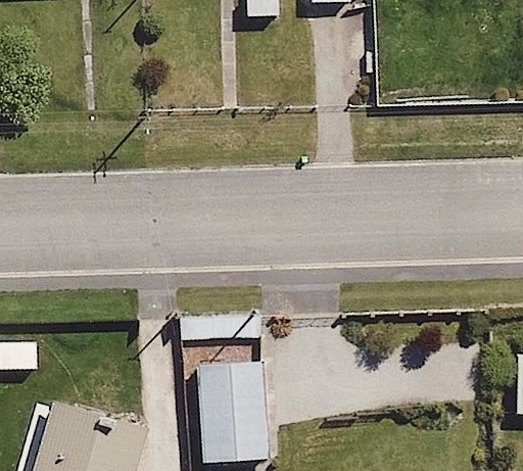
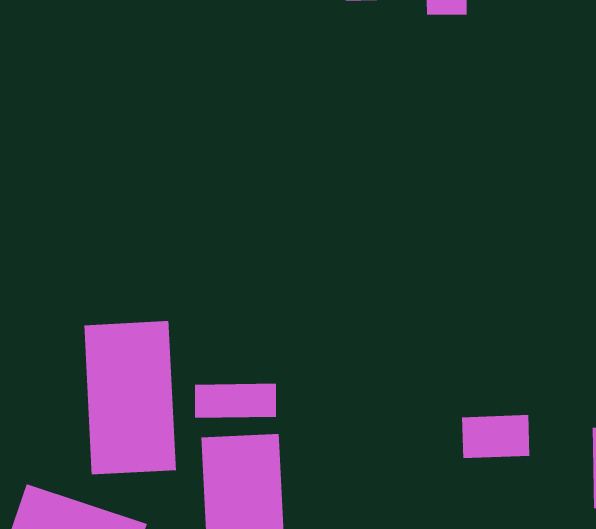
building: none -> [84,320,176,475]

